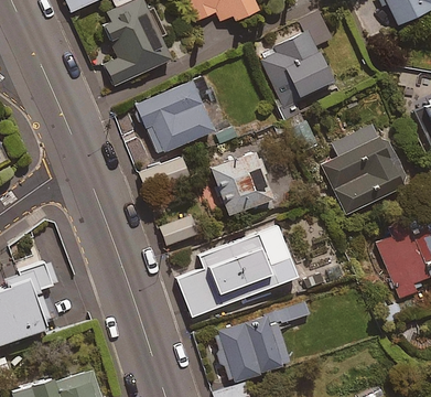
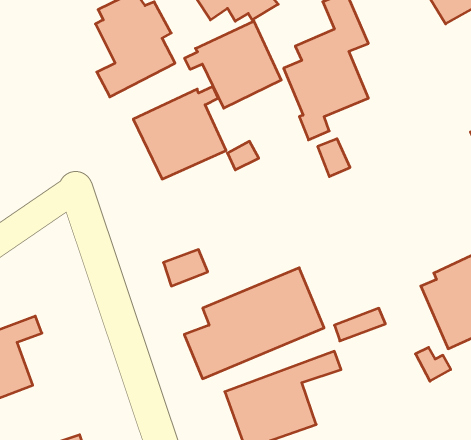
building: none -> [185,21,281,108]
building: [323,124,405,213] -> none
building: [208,148,271,214] -> none

